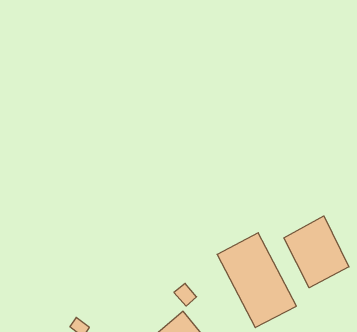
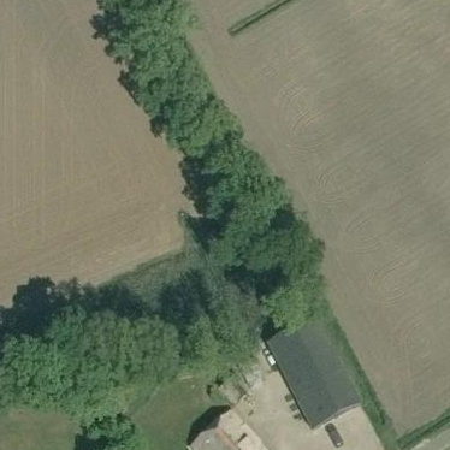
building: [284,216,349,288] -> none

